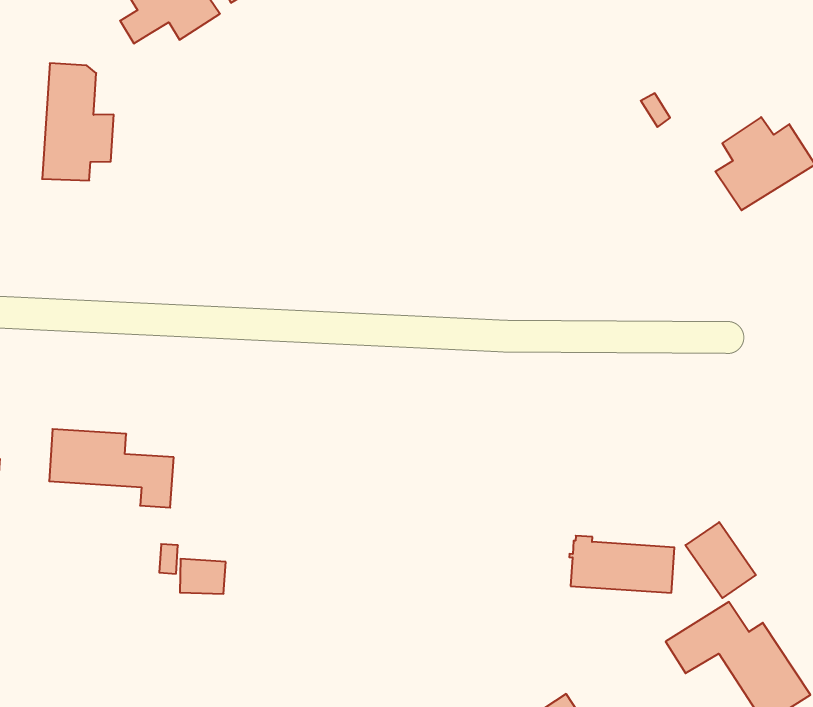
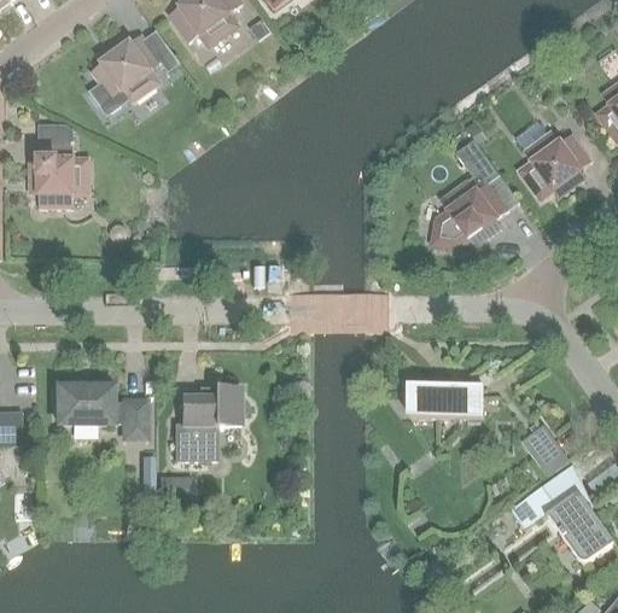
building: none -> [433,139,518,246]
building: none -> [175,386,247,460]
building: [569,536,674,593] -> [408,380,483,416]

